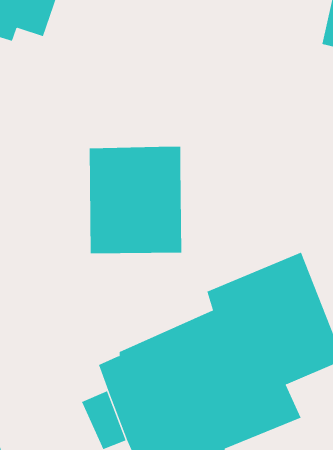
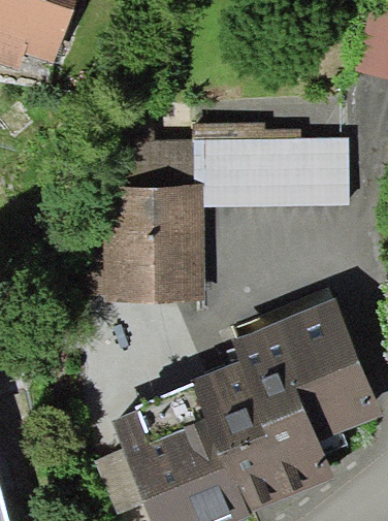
building: none -> [194,123,350,205]

